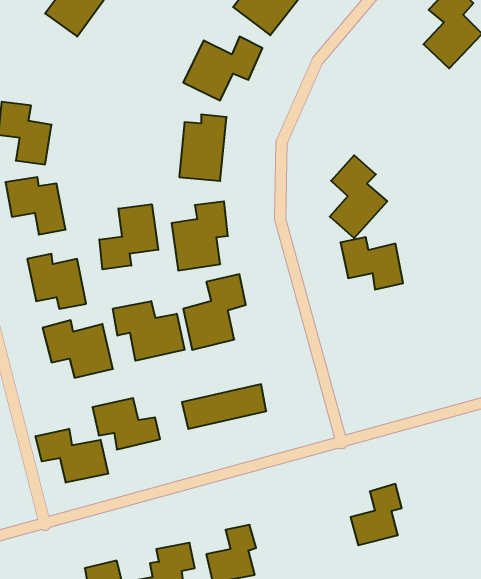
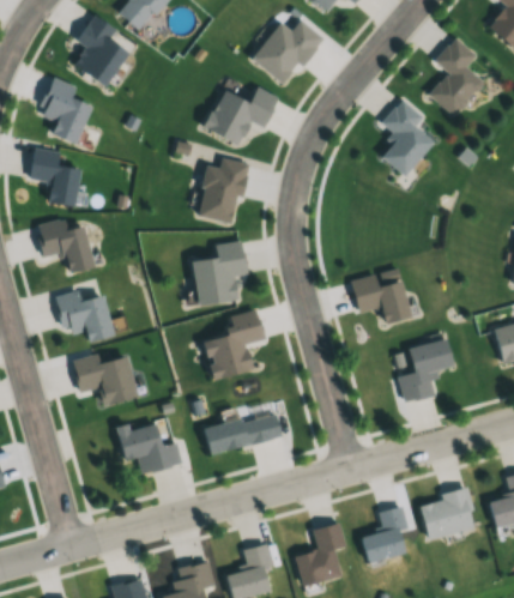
building: none -> [38,75,91,144]
building: [330,155,387,238] -> [380,98,434,176]
building: [99,204,158,269] -> none
building: [113,301,185,361] -> none
building: none -> [399,339,453,401]
building: [36,429,108,483] -> none
building: none -> [419,488,476,539]
building: none -> [296,523,345,586]

